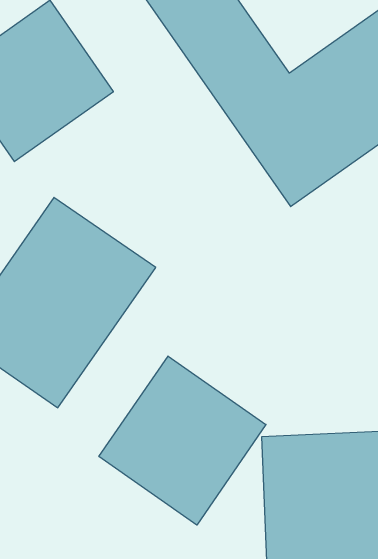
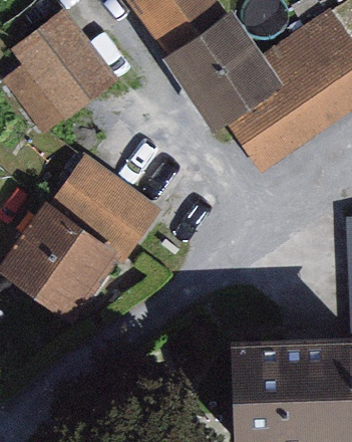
building: [99,356,266,525] -> none

